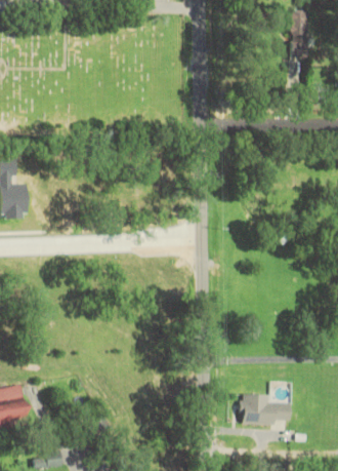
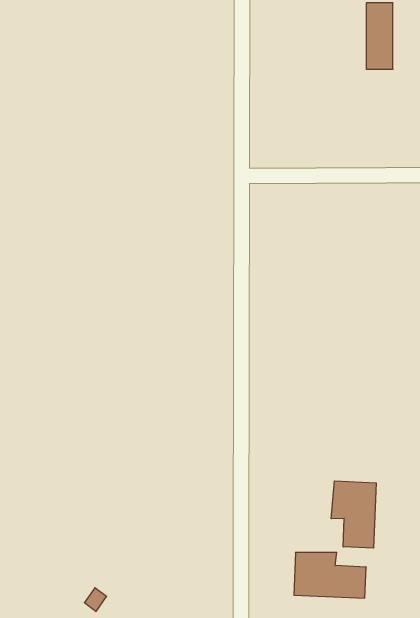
building: none -> [331,481,376,548]

